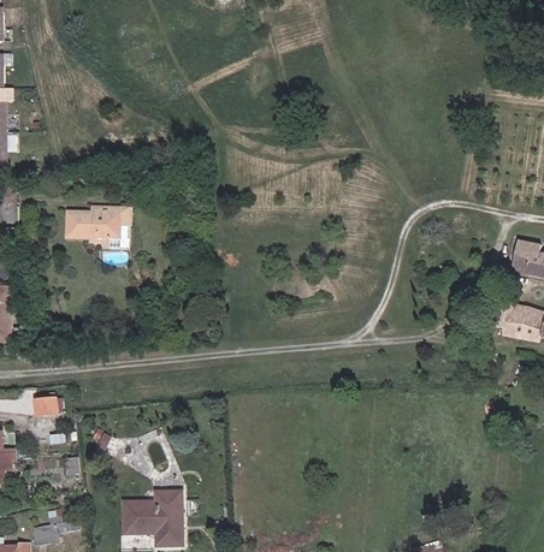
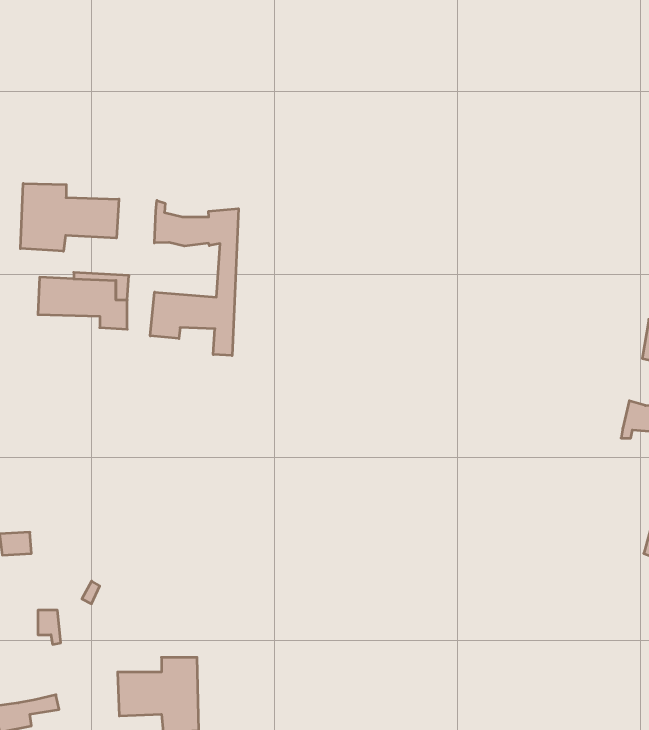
building: none -> [20,183,119,251]
building: none -> [150,200,238,356]

